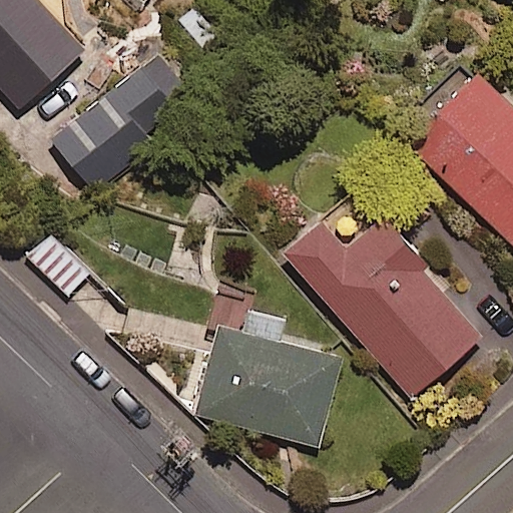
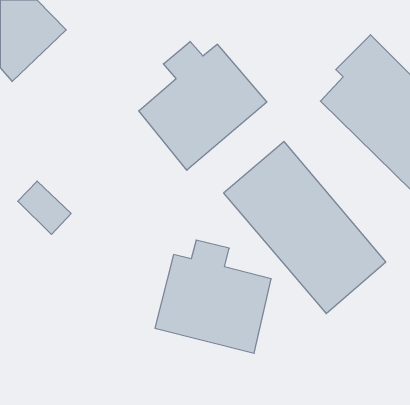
building: none -> [139,41,267,170]
building: [52,65,188,195] -> none

